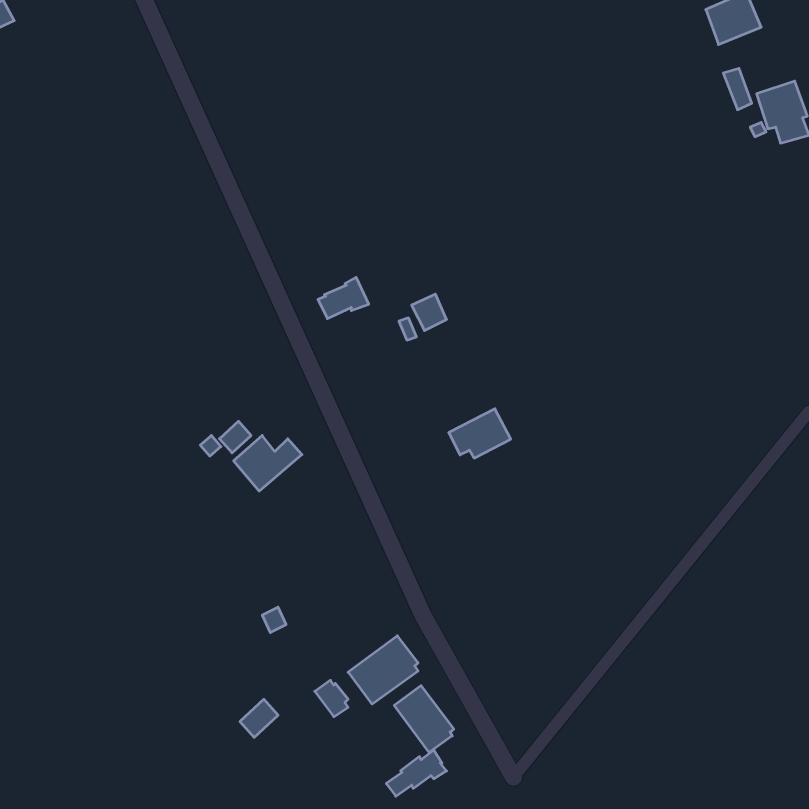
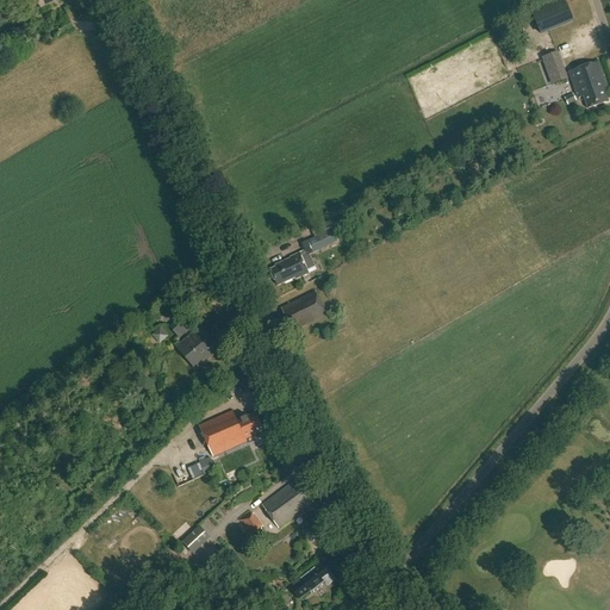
building: [318,277,369,319] -> [268,251,306,282]
building: [449,409,511,458] -> [279,290,325,326]
building: none -> [198,410,263,455]
building: [394,686,454,752] -> none

